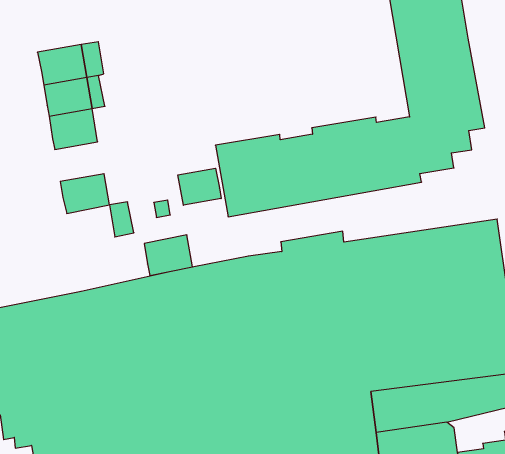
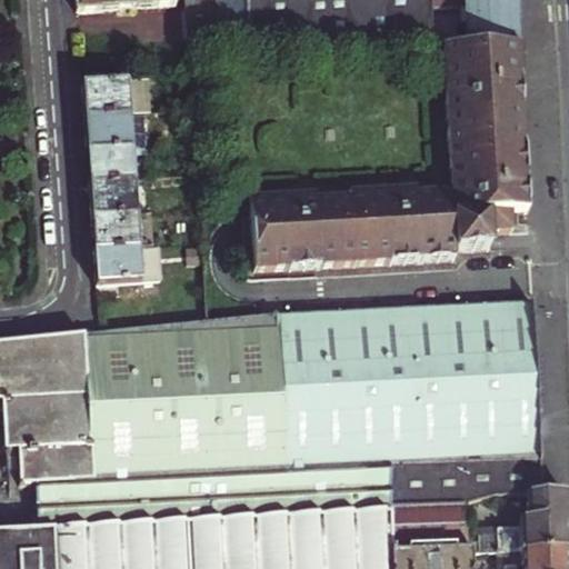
building: none -> [89,181,137,218]
building: [178,168,221,205] -> none
building: [144,235,192,276] -> [94,247,141,284]

